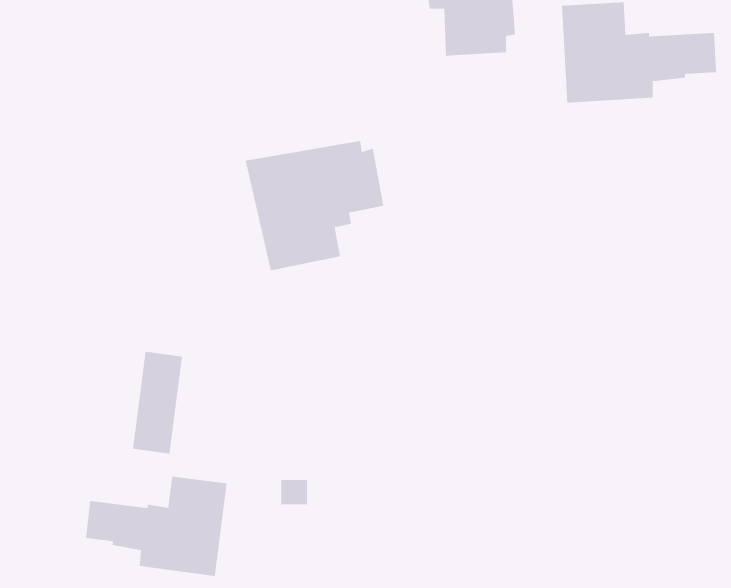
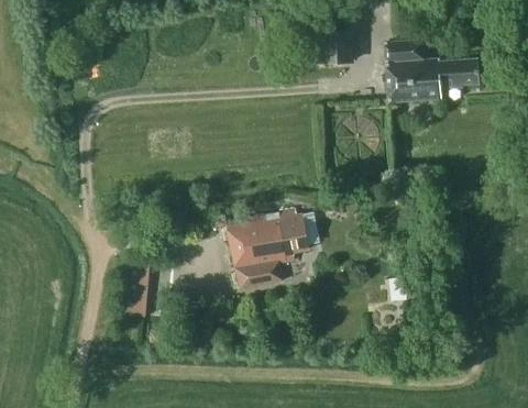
building: [245,141,384,271] -> [226,209,310,288]
building: [85,476,227,577] -> none

